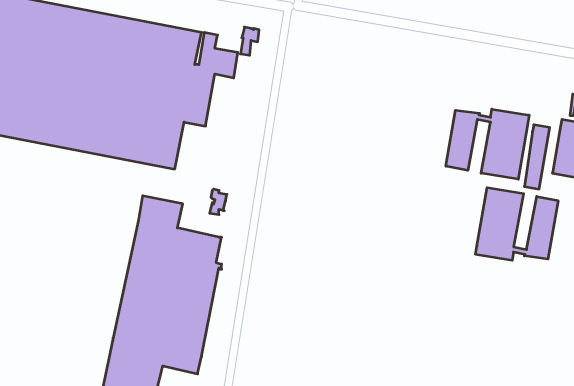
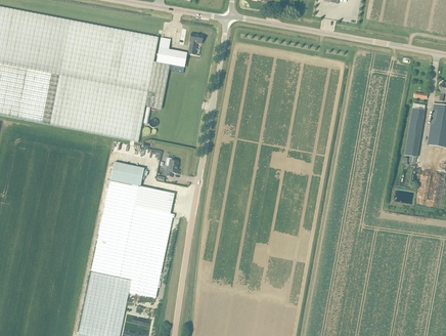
building: [446,109,529,179] -> none
building: [476,188,558,260] -> none

